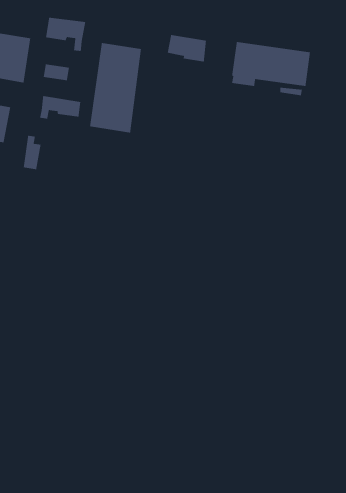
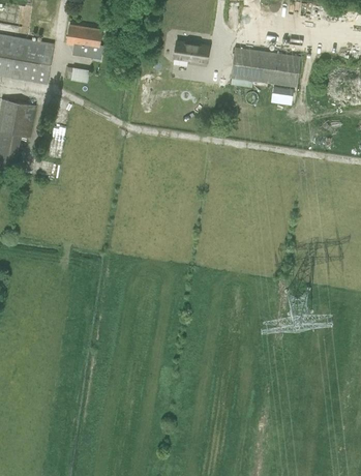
building: [89,42,142,133] -> none
building: [39,95,81,119] -> none

